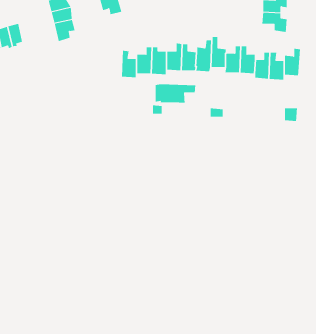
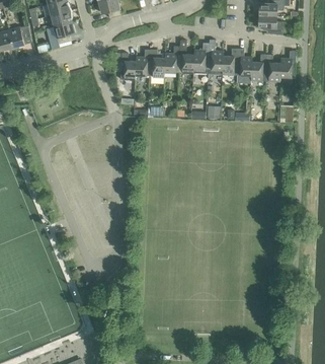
building: [155,84,196,104] -> none

